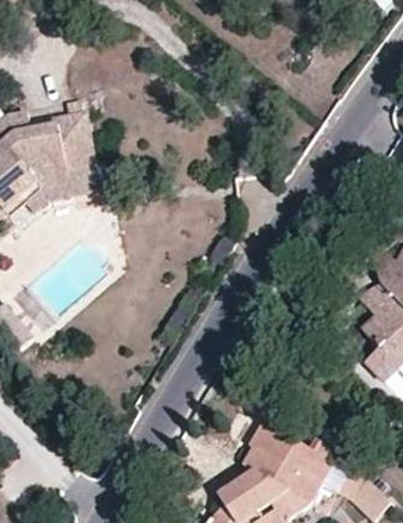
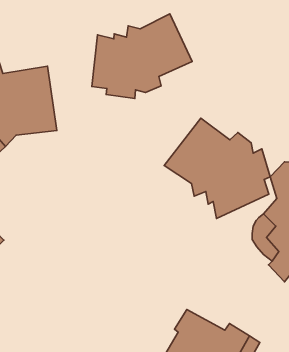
building: none -> [92,14,192,99]
building: none -> [164,118,270,219]

